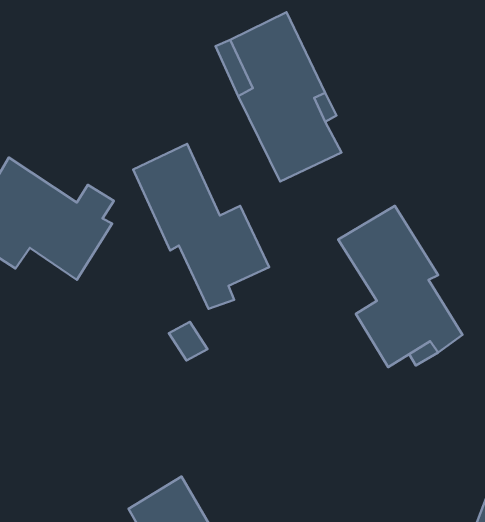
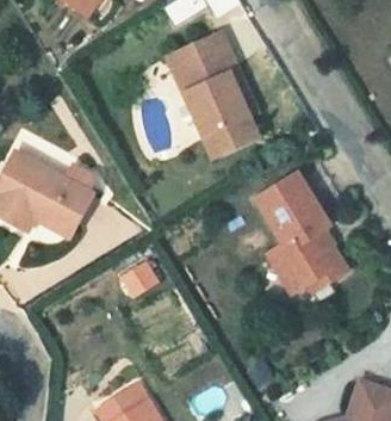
building: [133,144,269,309] -> none

